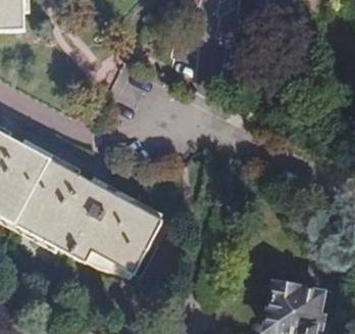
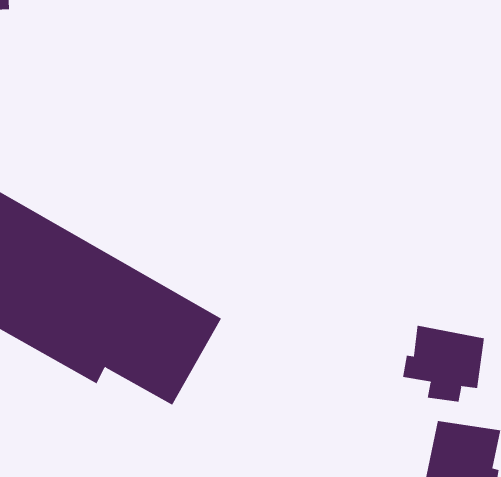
building: none -> [402,325,484,403]

